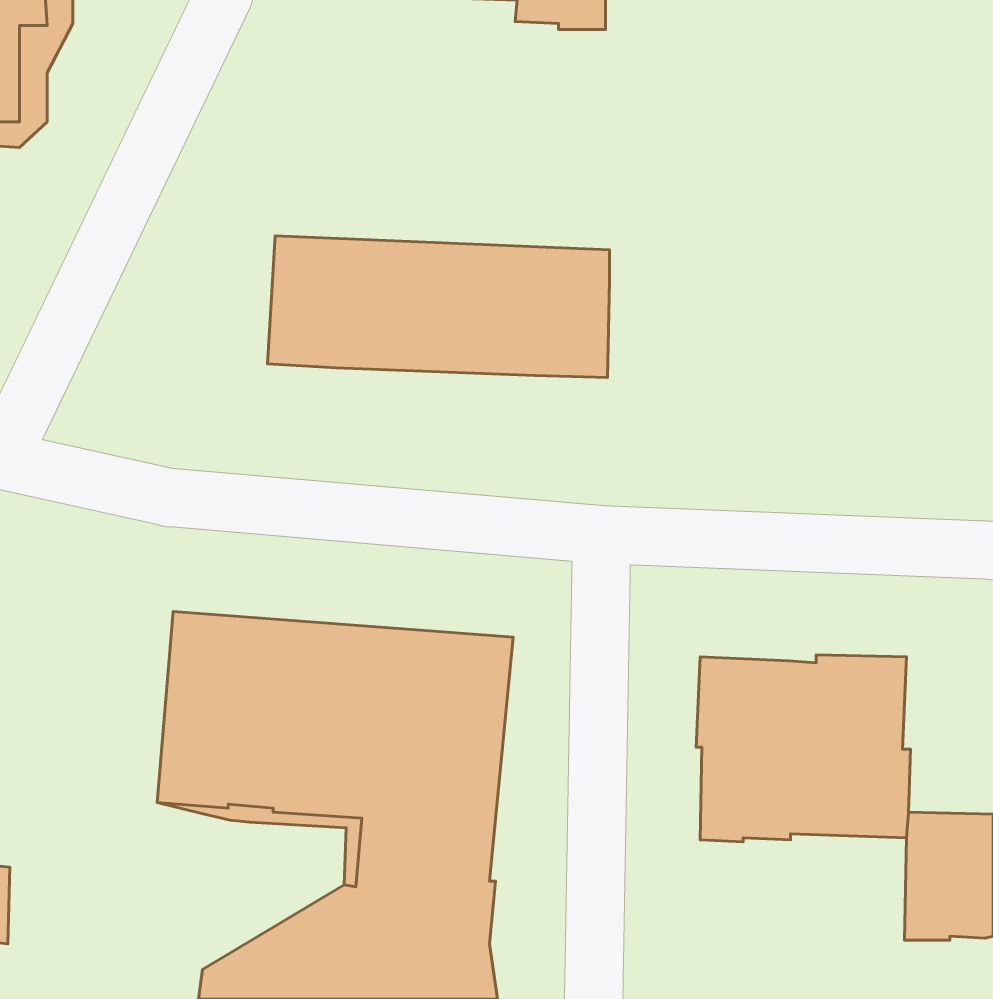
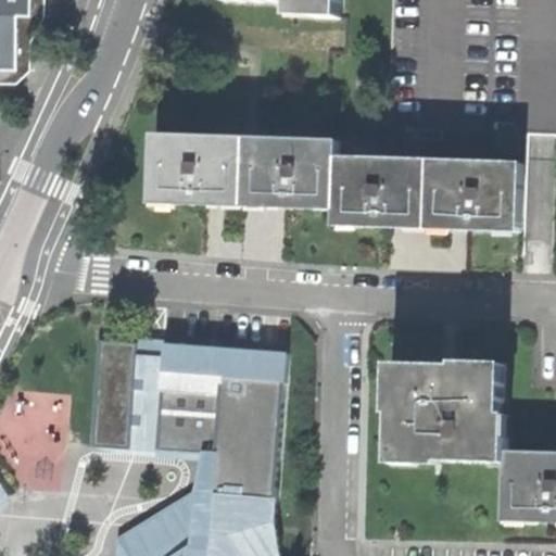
building: none -> [334,155,520,230]

